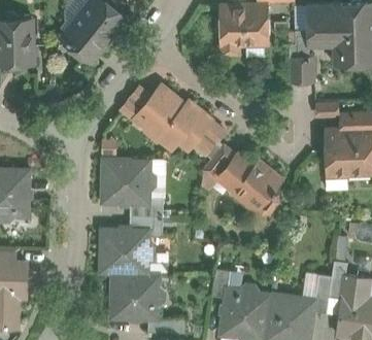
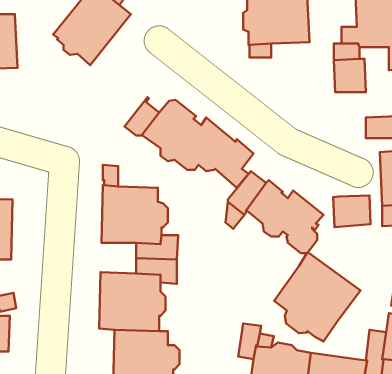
building: none -> [333,195,371,227]
building: none -> [274,252,360,342]

